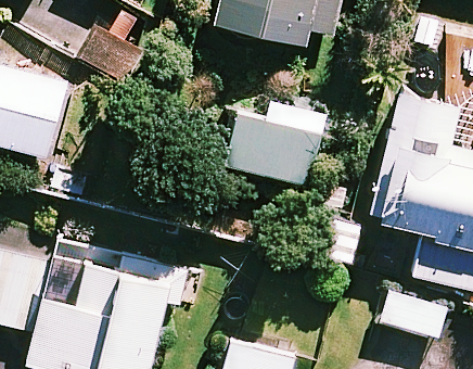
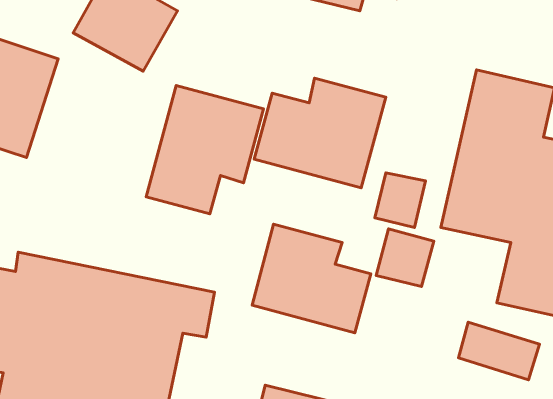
building: none -> [146,86,264,214]
building: none -> [252,224,371,333]

